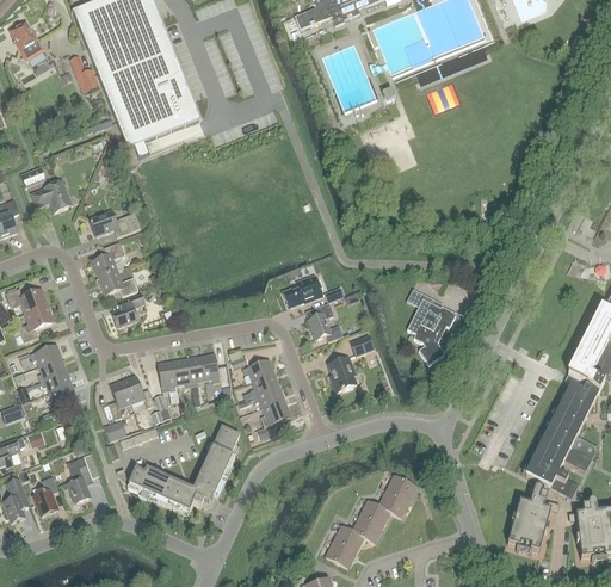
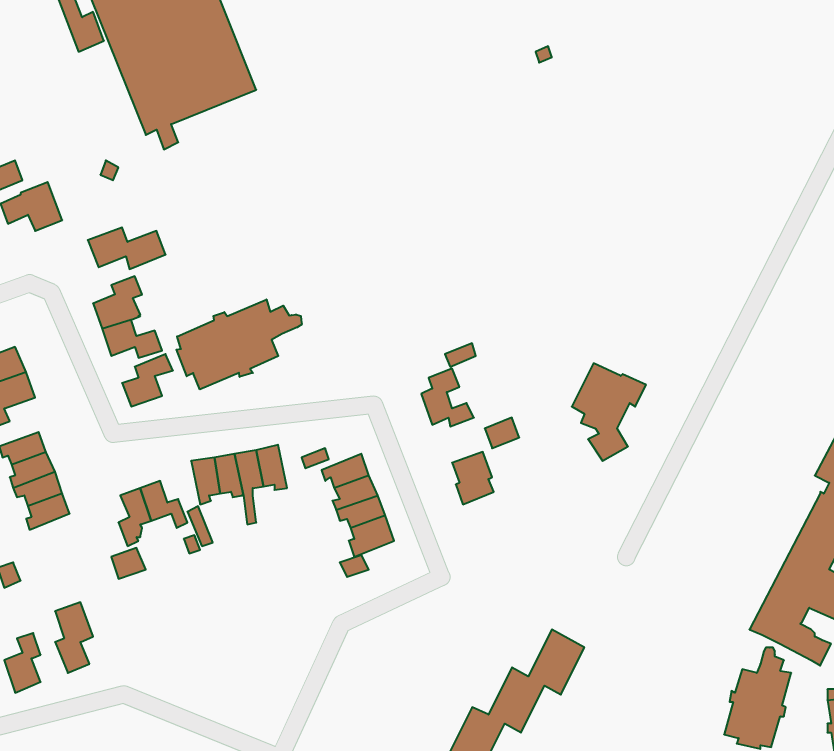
building: none -> [176,299,302,389]
building: [282,273,322,307] -> none
building: [126,425,239,511] -> none

